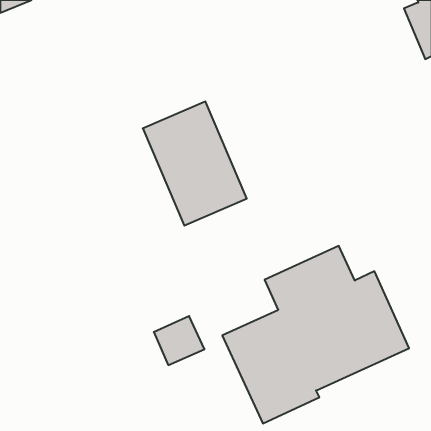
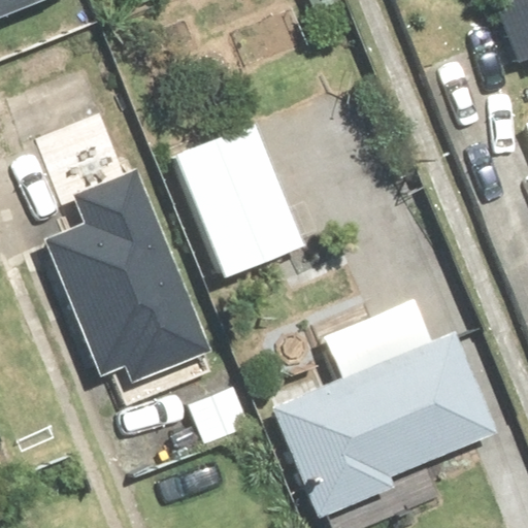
building: none -> [43,170,212,384]

